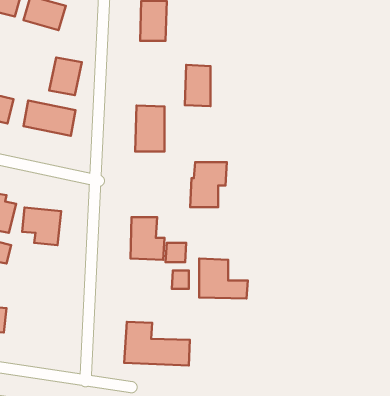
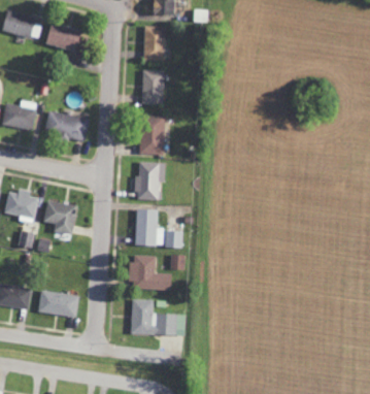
building: [49,58,82,95] -> none
building: [185,65,210,106] -> [142,69,164,104]
building: [190,162,227,207] -> [136,162,167,200]
building: [199,259,248,299] -> [131,255,172,289]
building: none -> [38,290,79,318]

